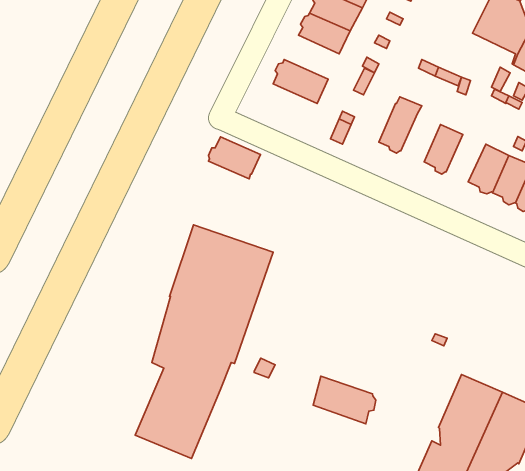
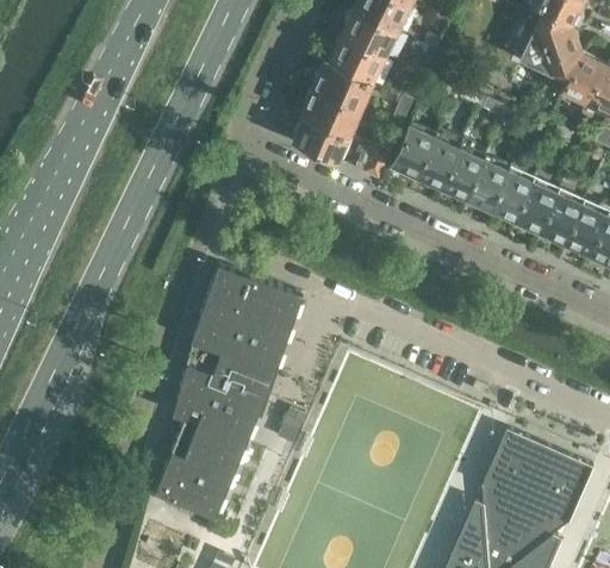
building: none -> [313,61,374,108]
building: none -> [392,104,435,177]
building: none -> [441,137,484,200]
building: none -> [490,158,533,221]
building: [209,137,260,179] -> [294,116,350,161]
building: [313,376,376,424] -> none

